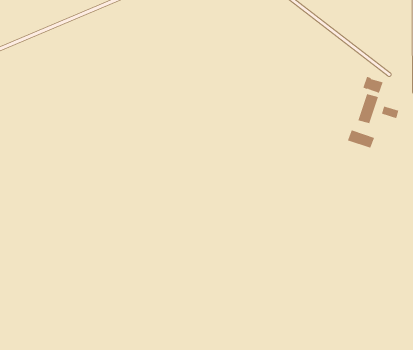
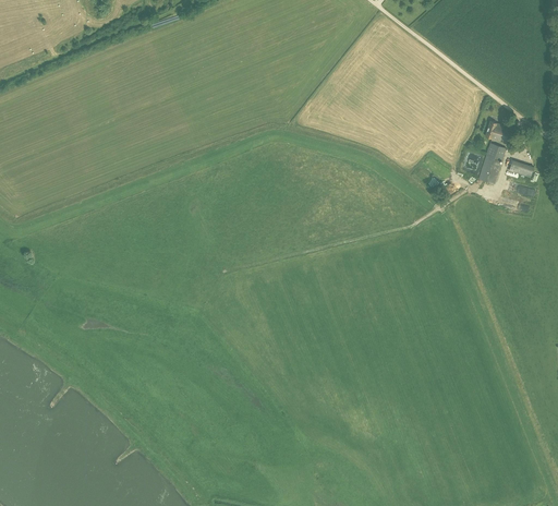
building: [347,130,375,149] -> none

